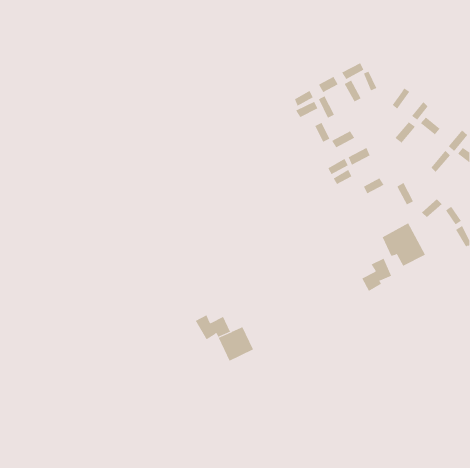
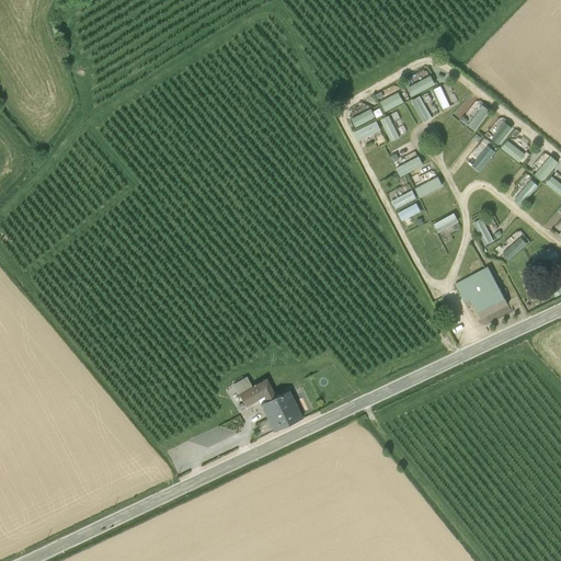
building: [362,258,392,292] -> none

